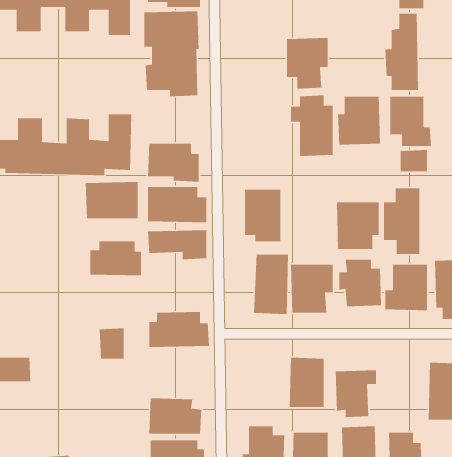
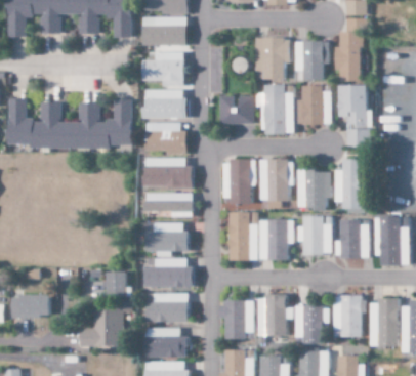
building: none -> [295,41,329,80]
building: none -> [219,96,253,124]
building: [85,181,138,219] -> [143,88,186,119]
building: none -> [259,159,289,208]
building: [90,241,142,276] -> [148,223,190,252]
building: none -> [148,293,189,323]
building: none -> [333,295,363,337]
building: none -> [220,301,255,339]
building: none -> [81,305,121,347]

